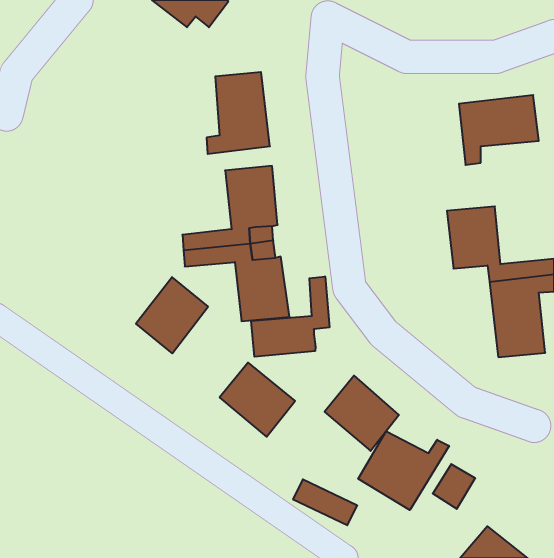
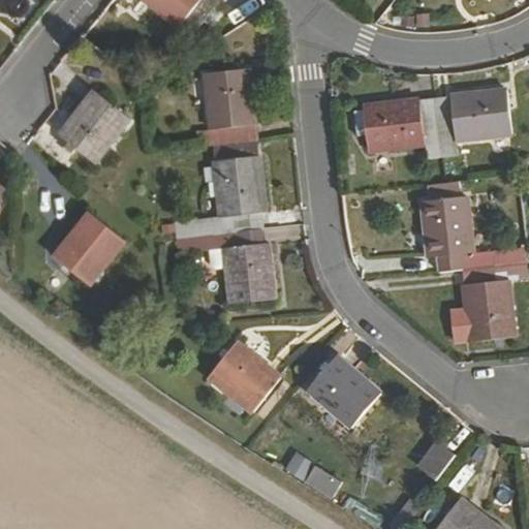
building: none -> [60,90,128,161]
building: none -> [362,98,440,157]
building: [251,276,329,357] -> none
building: [136,277,208,353] -> [54,212,122,284]
building: [358,431,449,510] -> none

